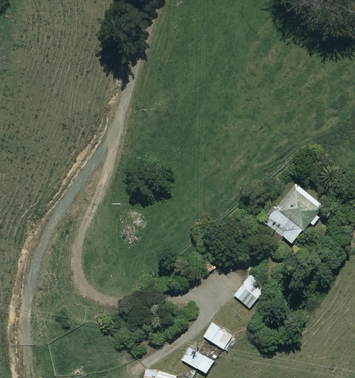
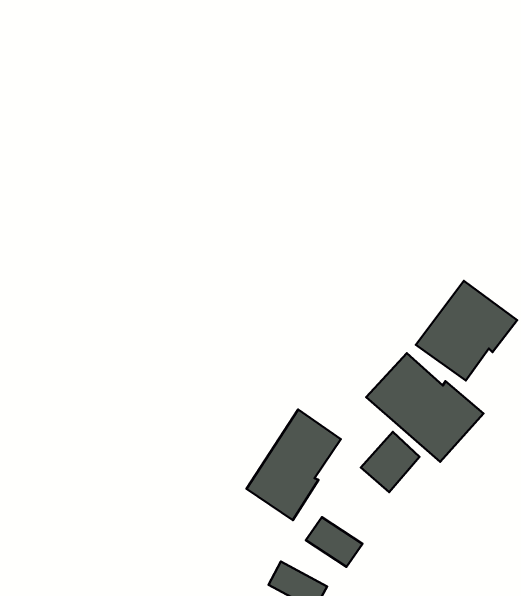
building: none -> [366,353,483,462]
building: none -> [246,410,341,520]

